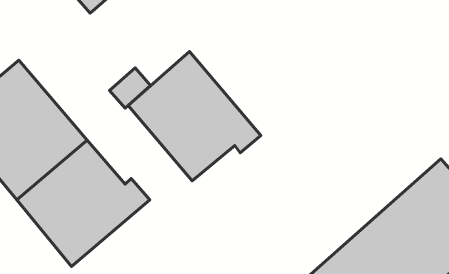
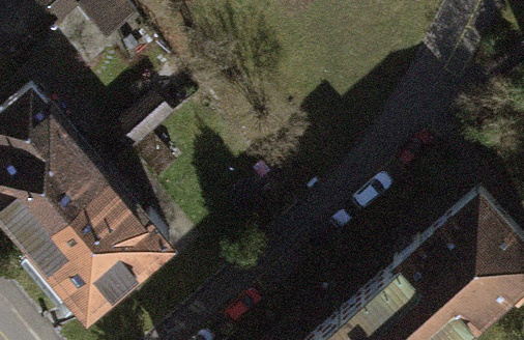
building: [128,51,261,181] -> none

